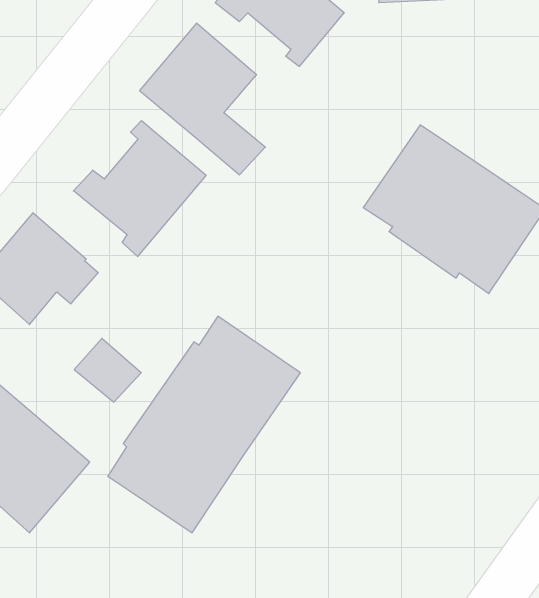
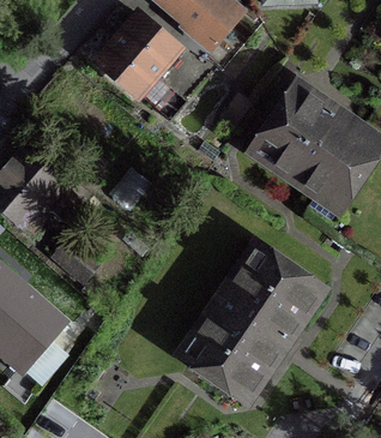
building: [73,121,206,257] -> none
building: [108,316,300,533] -> [185,250,319,401]

